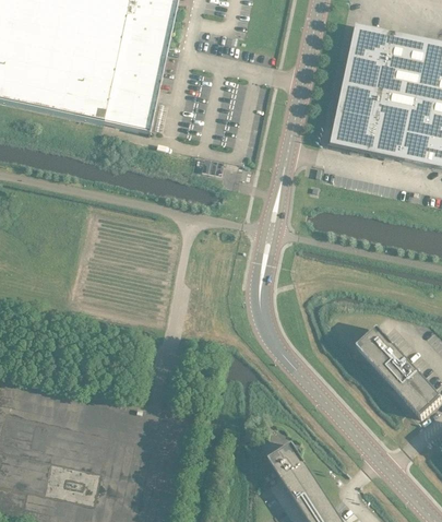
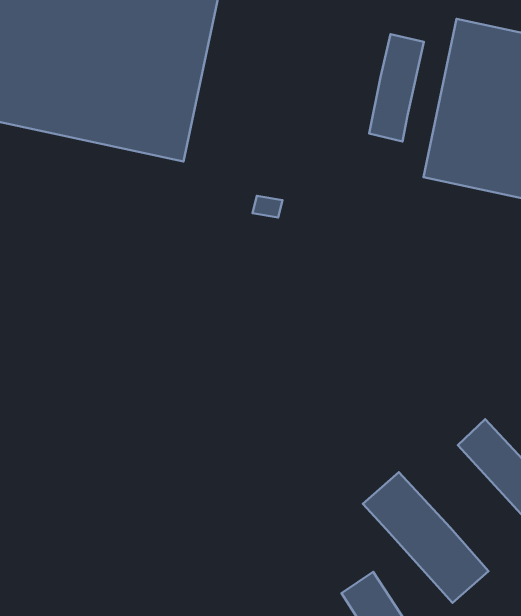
building: none -> [369,34,424,141]
building: none -> [363,472,489,603]

